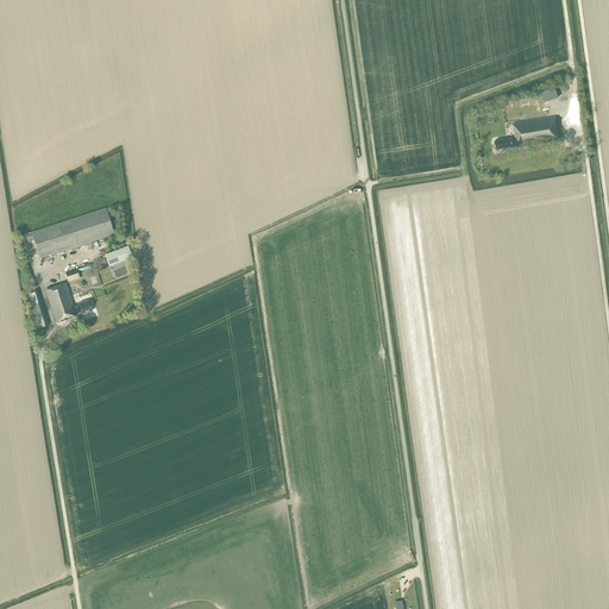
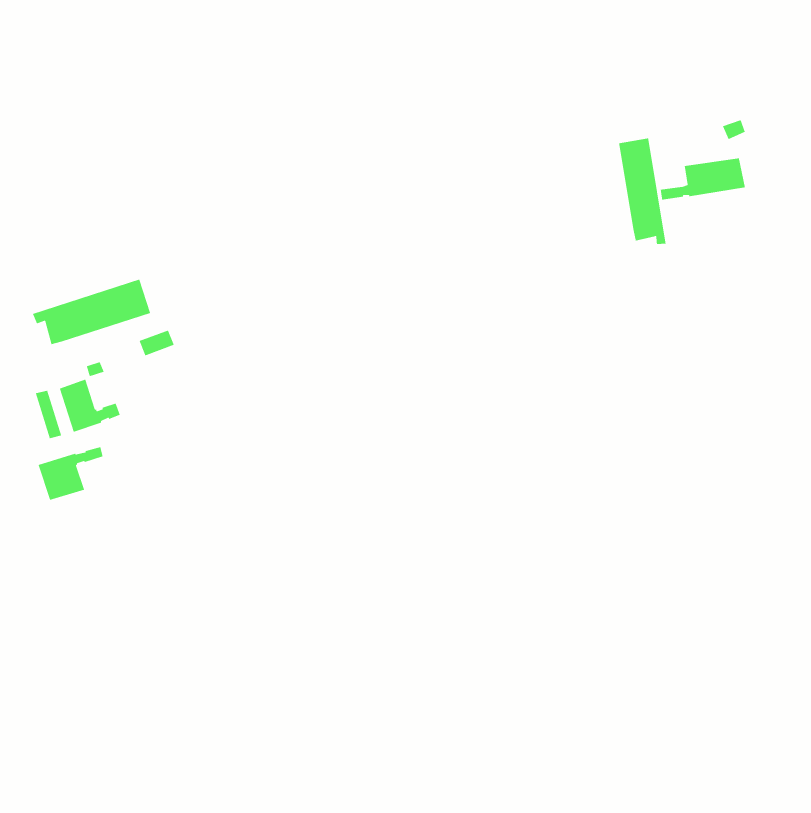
building: none -> [618,137,667,245]
building: none -> [38,446,104,501]

